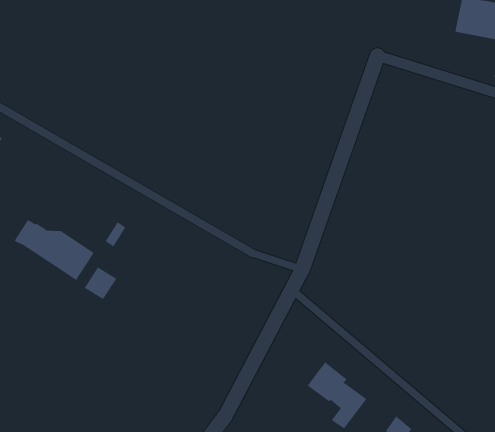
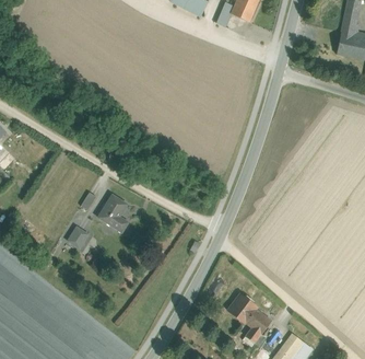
building: [14,219,94,281] -> none
building: none -> [98,195,128,232]

